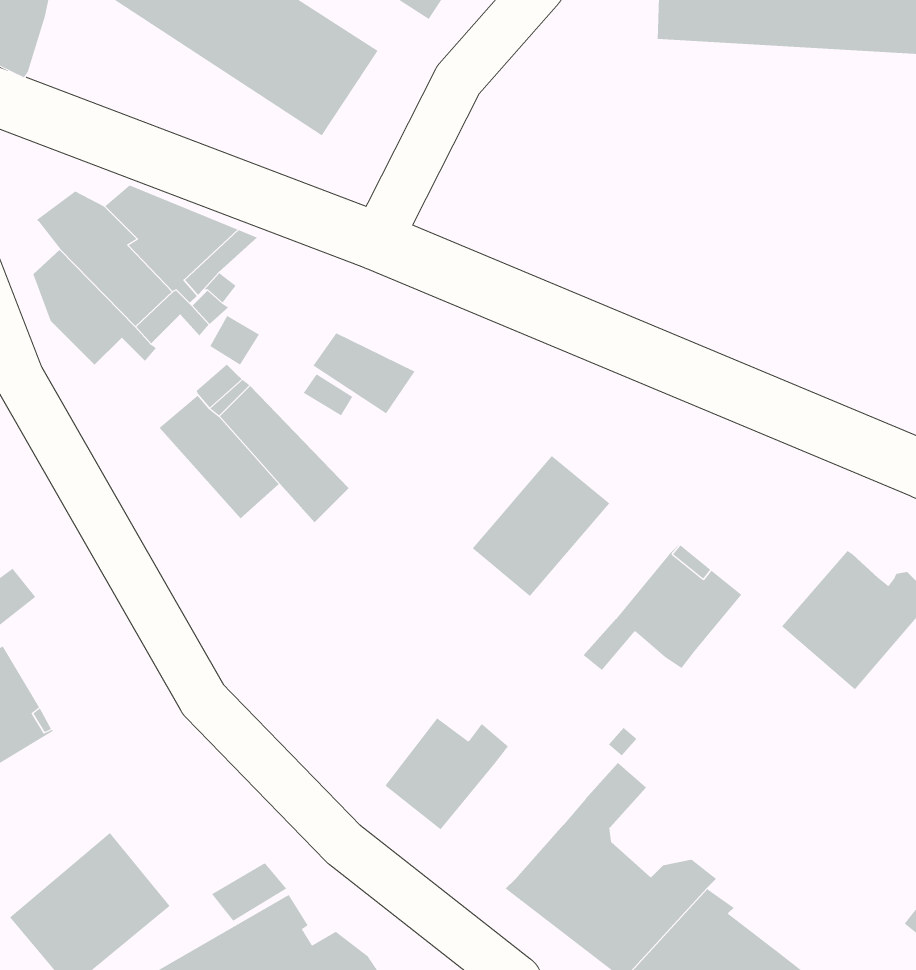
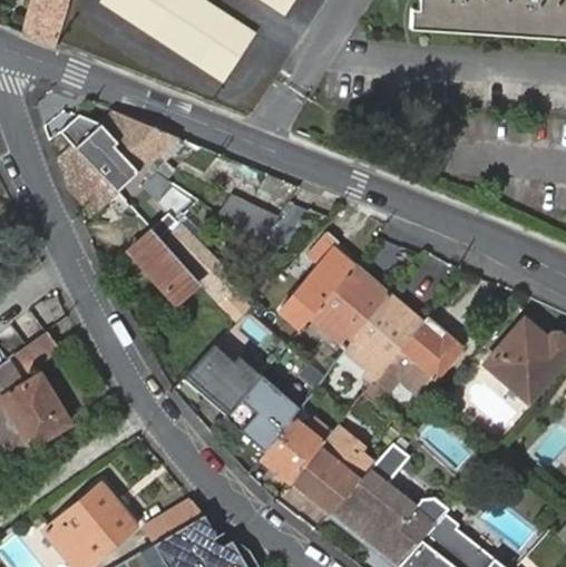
building: none -> [281,232,354,326]
building: none -> [340,293,421,382]
building: none -> [182,344,295,454]
building: none -> [289,424,373,514]

